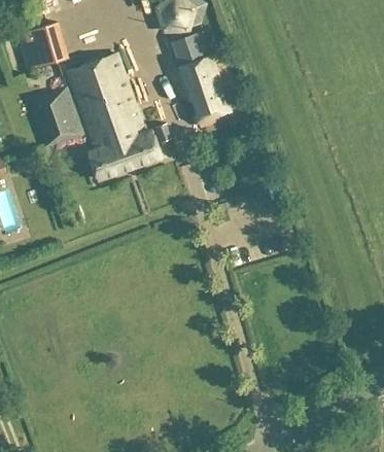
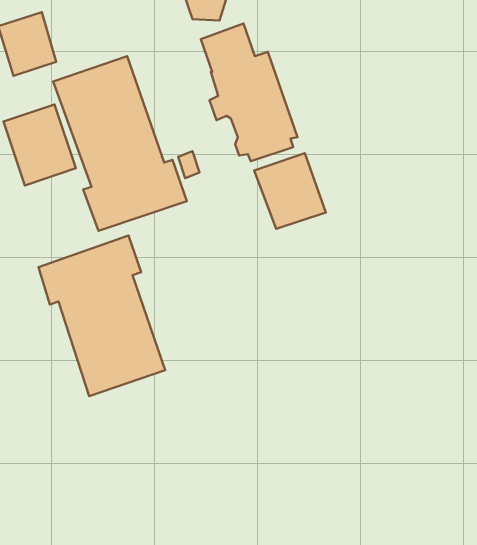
building: none -> [254,153,326,229]
building: none -> [38,236,165,396]

